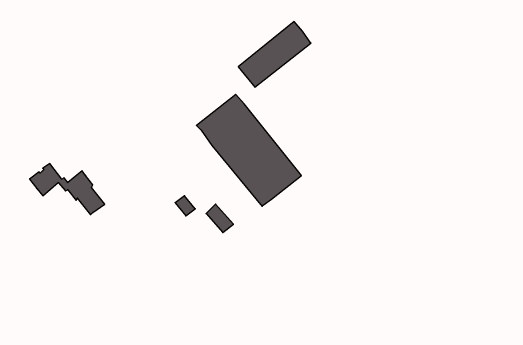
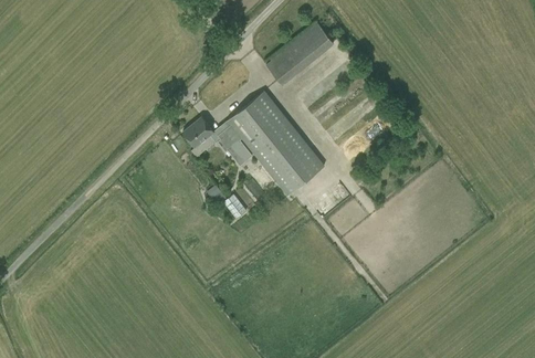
building: [30,164,105,215] -> [182,117,252,165]

